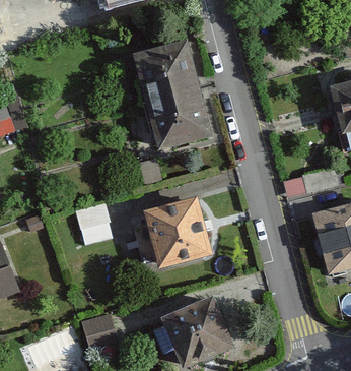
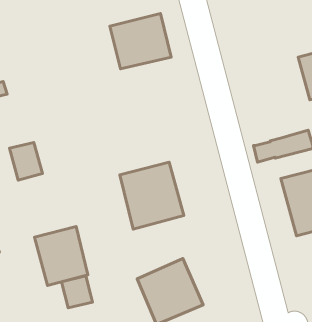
building: [145,87,209,148] -> none
building: [76,205,111,245] -> [9,142,42,180]
building: none -> [35,227,88,285]

